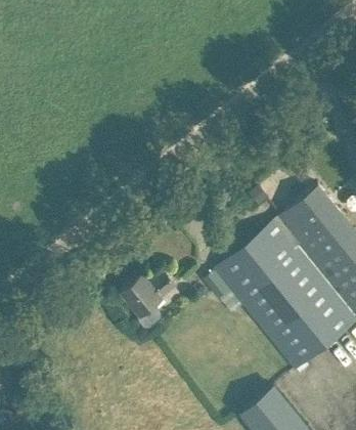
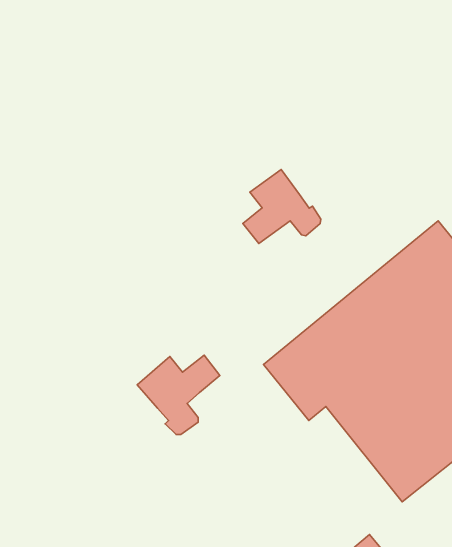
building: none -> [243,170,321,243]

